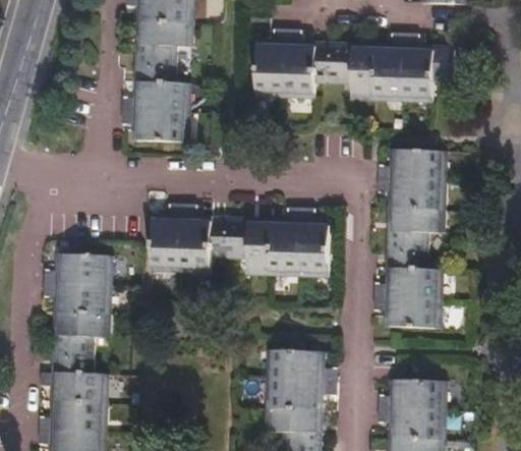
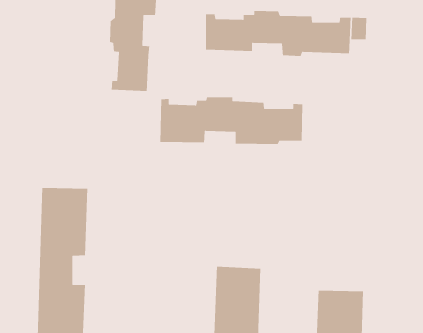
building: [386,148,444,327] -> none
building: [151,216,326,275] -> [160,96,303,145]

